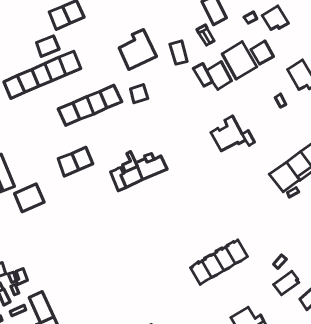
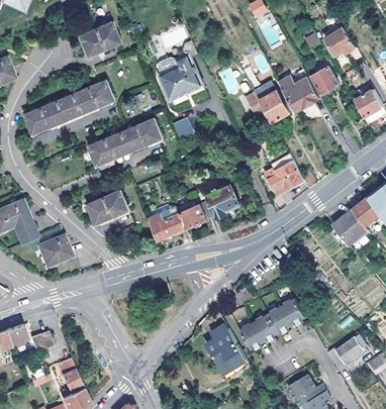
building: [36,36,59,56] -> none
building: none -> [206,185,238,217]
building: none -> [208,324,246,369]

